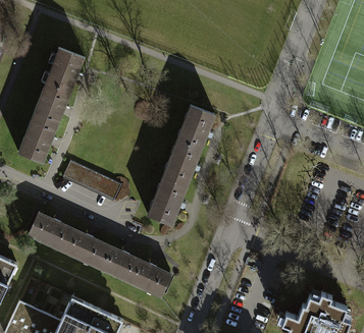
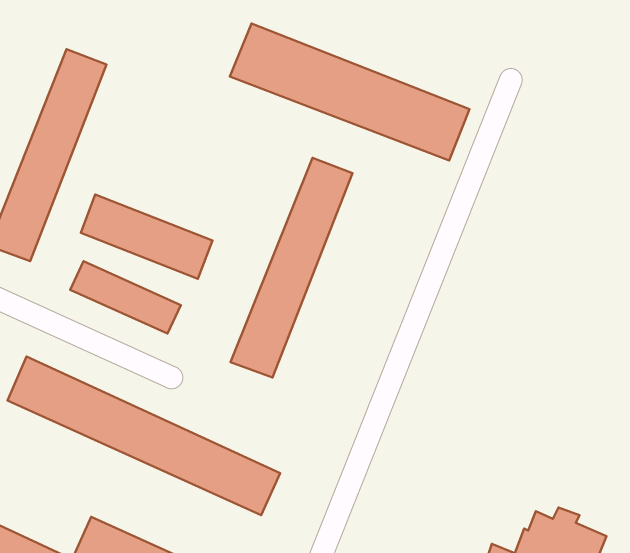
building: none -> [230,24,470,160]
building: none -> [81,195,212,279]

